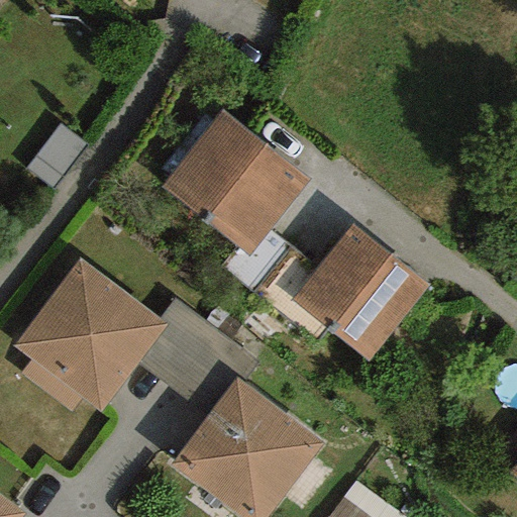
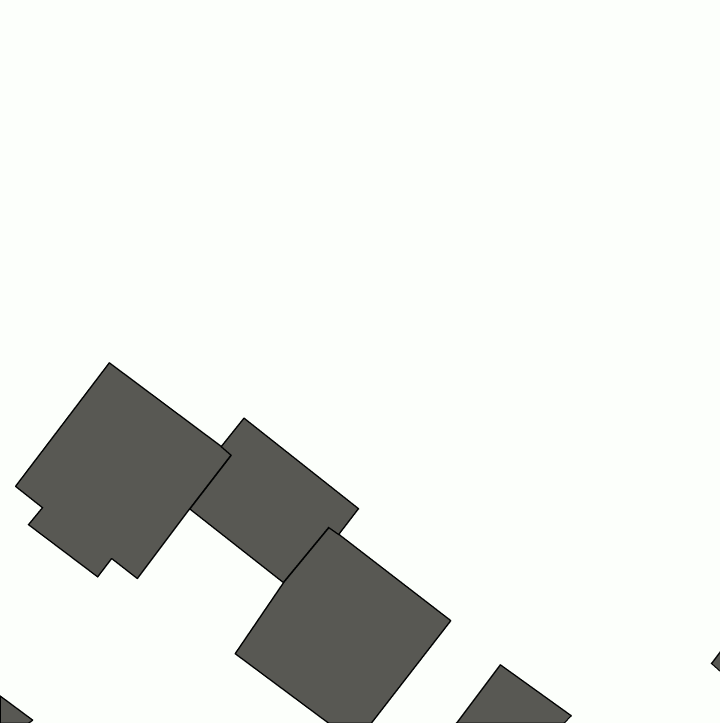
building: [162,111,310,256] -> none
building: [291,223,428,360] -> none

